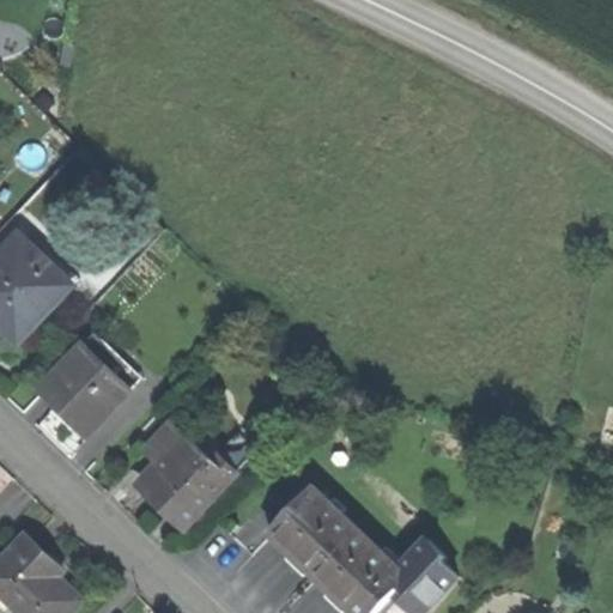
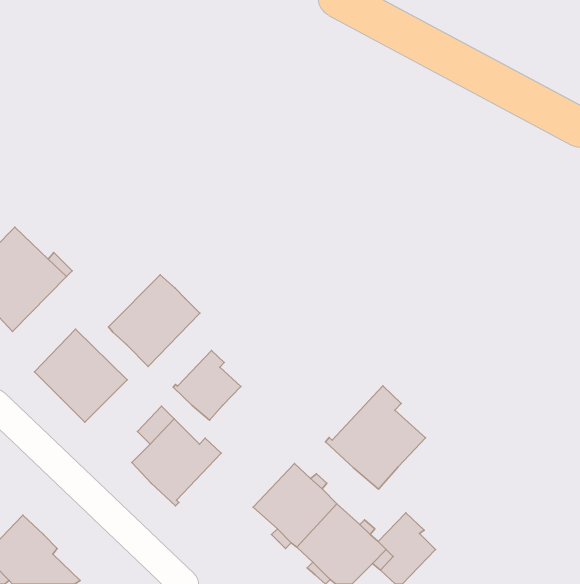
building: none -> [109,275,200,367]
building: none -> [173,350,241,420]
building: none -> [326,386,425,489]

